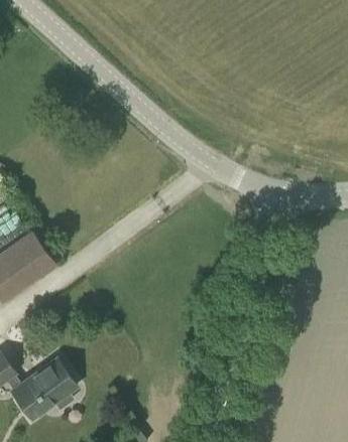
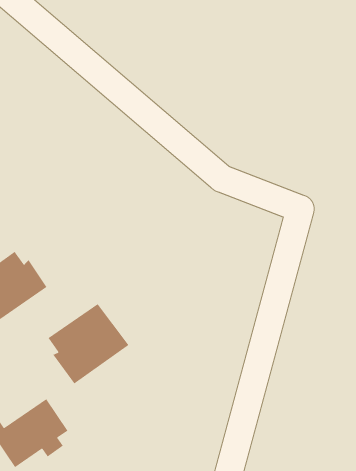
building: none -> [47,303,130,385]

